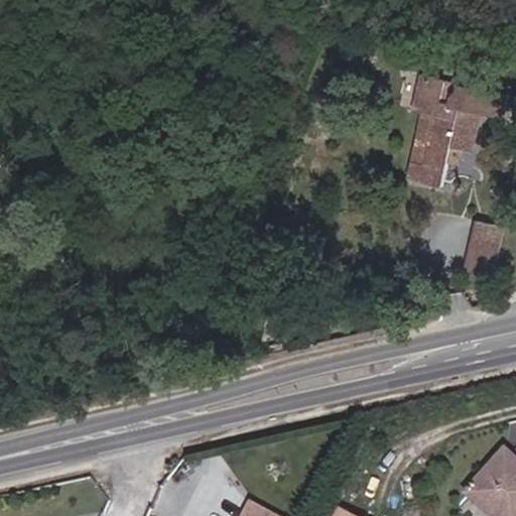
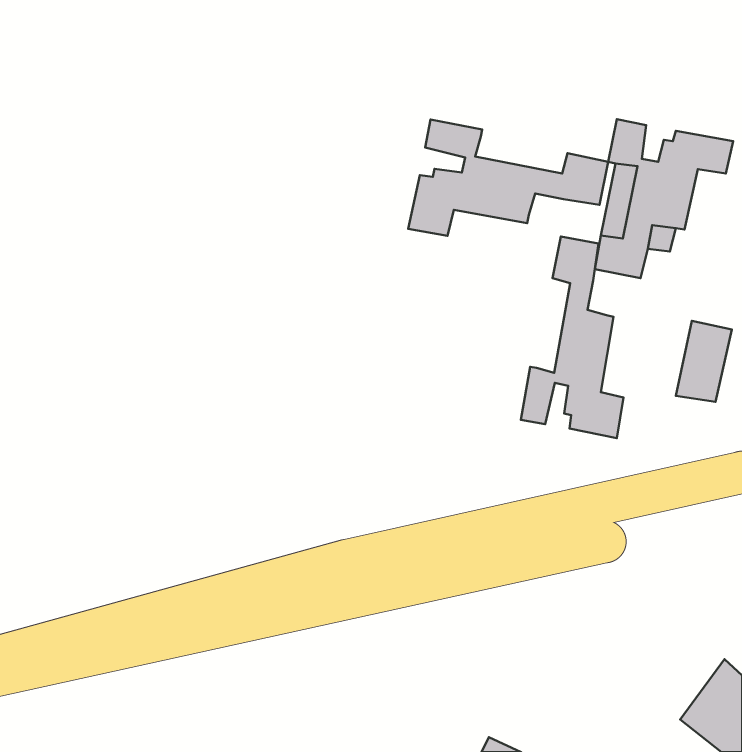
building: none -> [408,120,608,236]
building: none -> [521,237,624,438]

